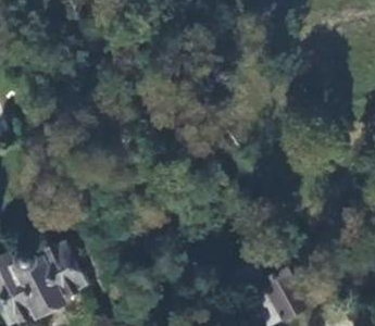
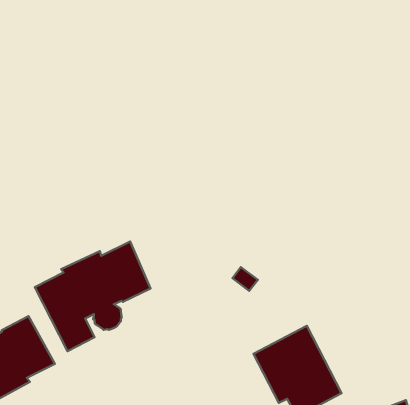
building: none -> [35,241,151,351]

